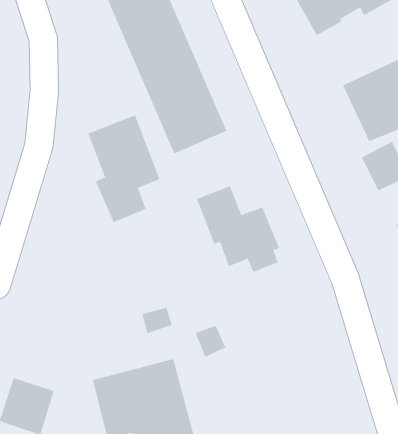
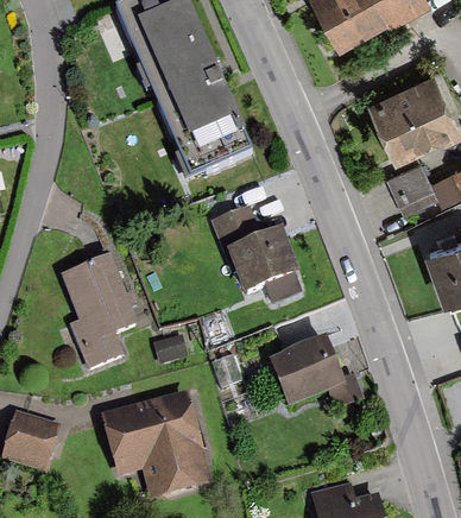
building: [88,114,160,223] -> [62,253,139,368]
building: none -> [270,343,360,413]

